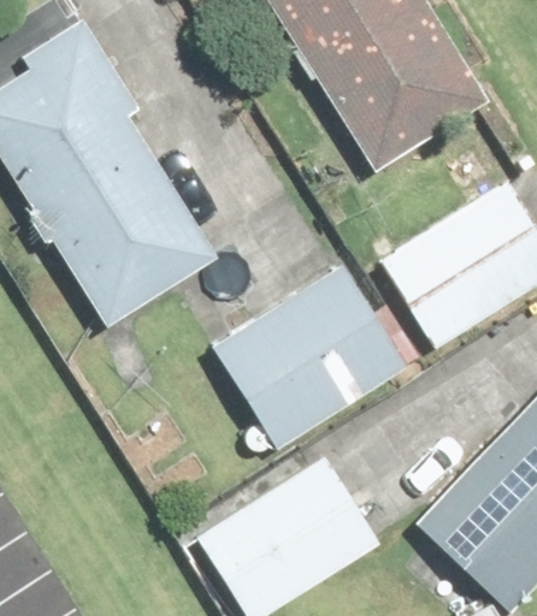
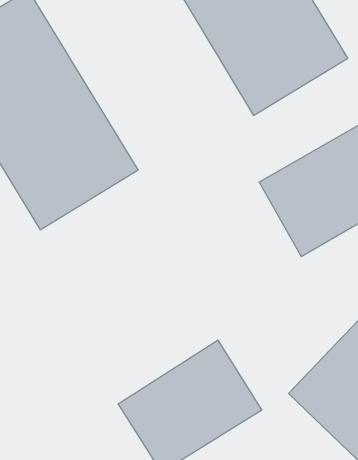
building: [208,260,409,450] -> none

